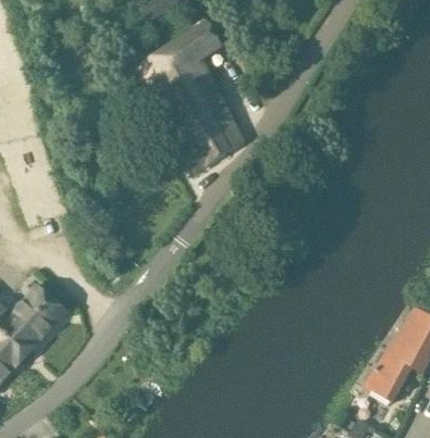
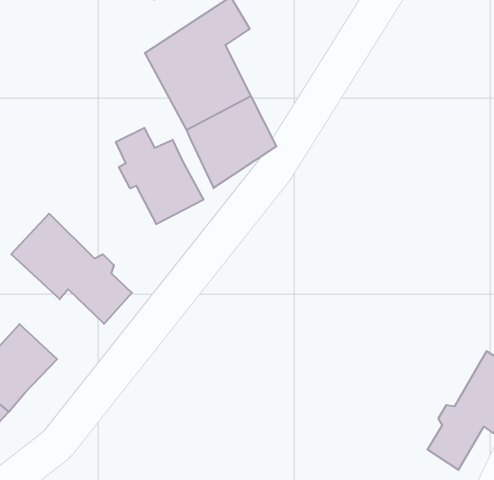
building: none -> [116,128,204,224]
building: none -> [11,214,132,324]

